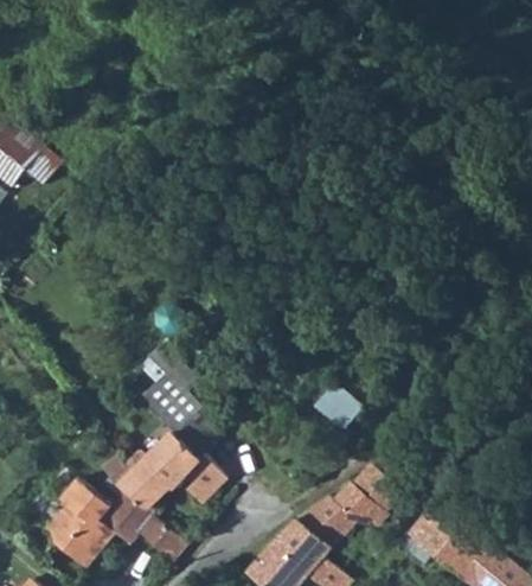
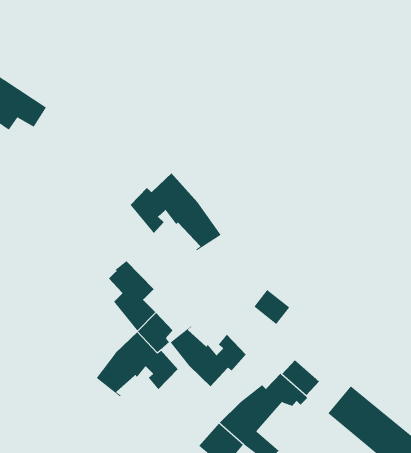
building: none -> [130,172,222,251]
building: none -> [170,326,247,387]
building: [46,479,185,569] -> none

